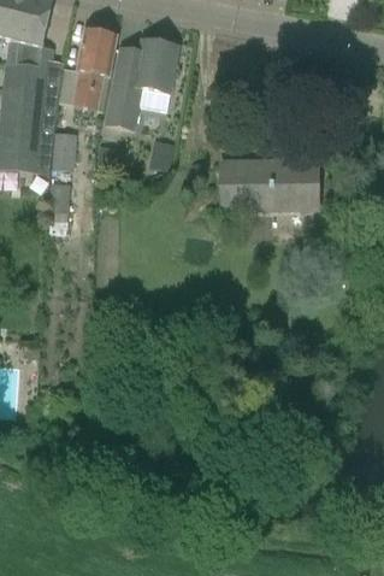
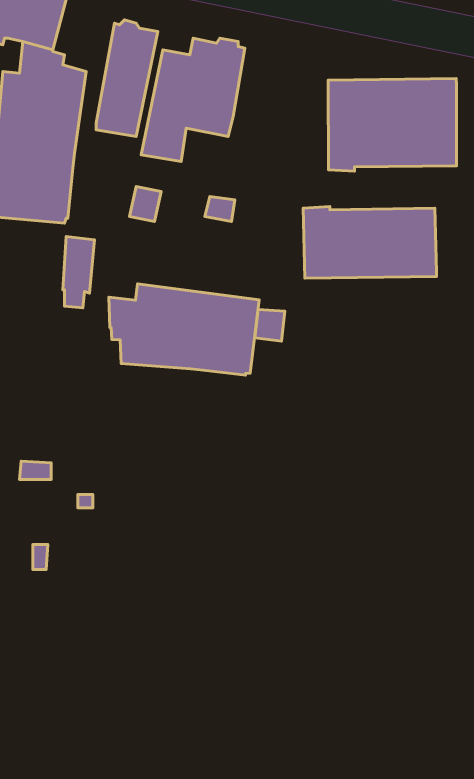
building: none -> [328,78,457,171]
building: [51,131,76,170] -> none
building: none -> [109,284,259,375]

